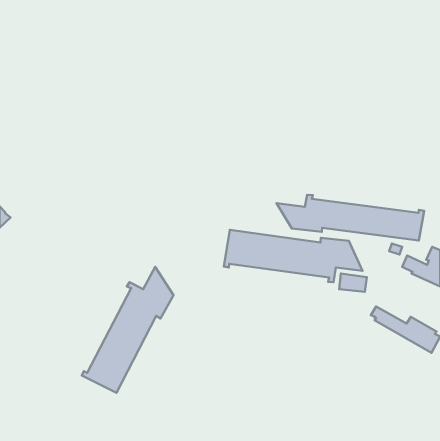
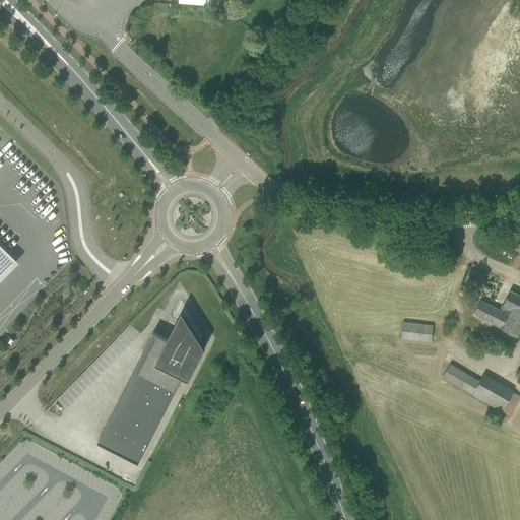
building: [276,195,424,241] -> none
building: [224,230,363,282] -> none

